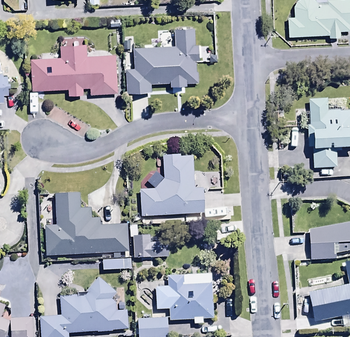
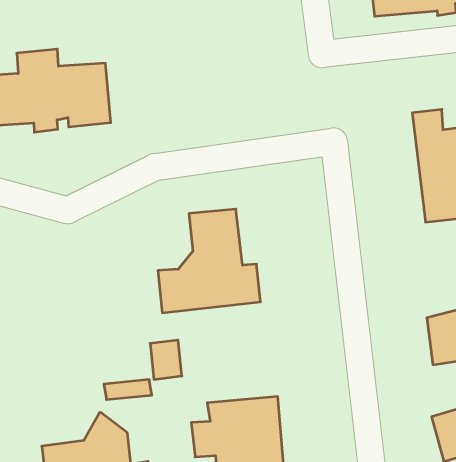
building: [126,27,199,93] -> none
building: [46,191,131,255] -> none

